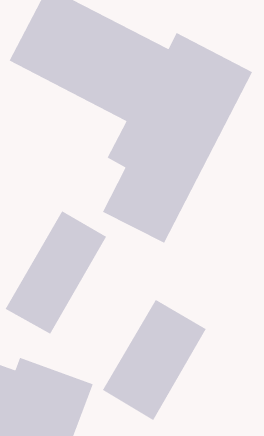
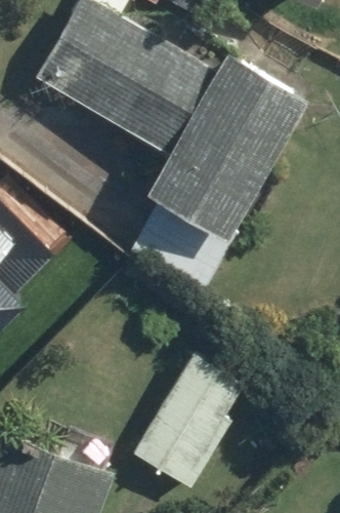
building: [4,210,107,335] -> none

